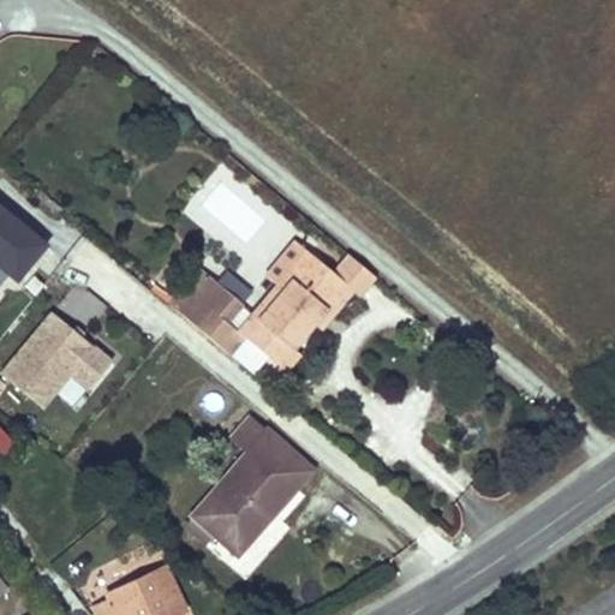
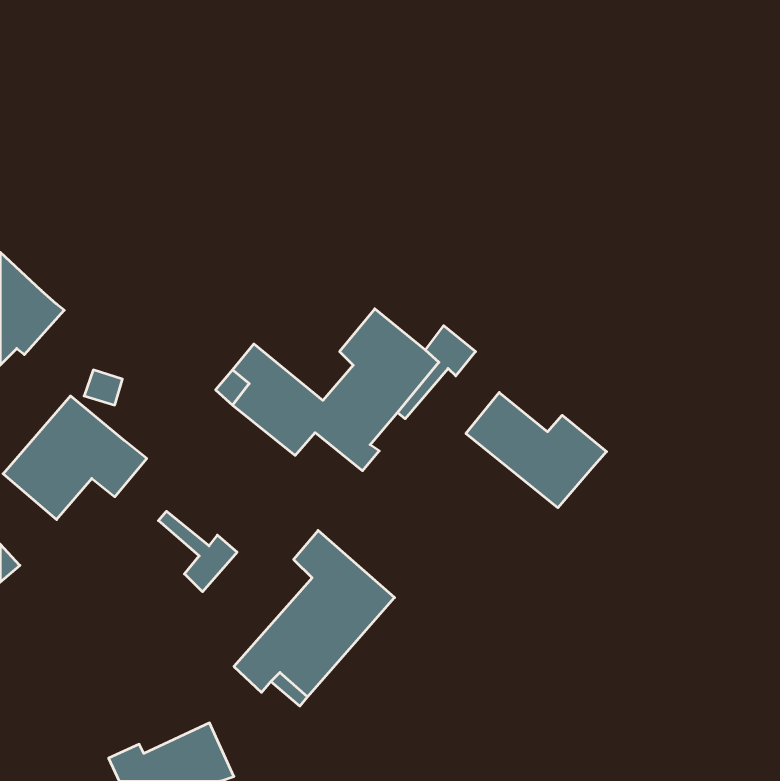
building: none -> [466,392,607,508]
building: none -> [158,511,237,592]

